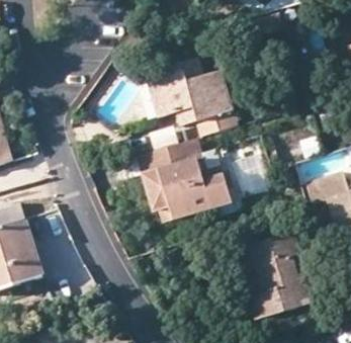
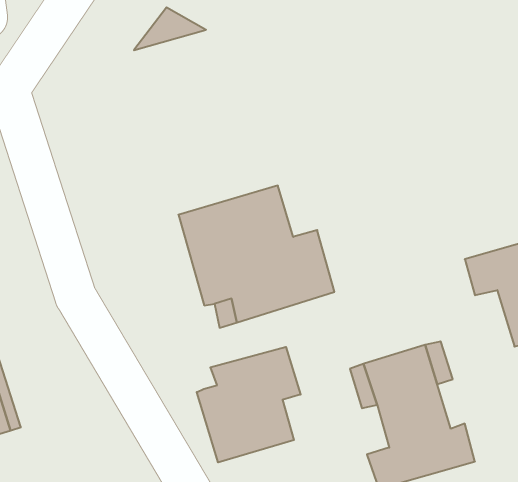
building: [148,70,237,136] -> none
building: none -> [197,347,301,462]

